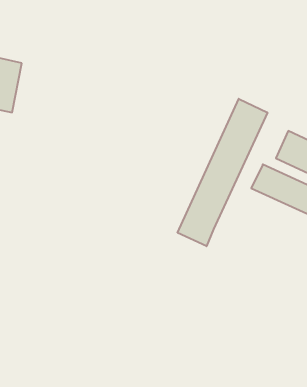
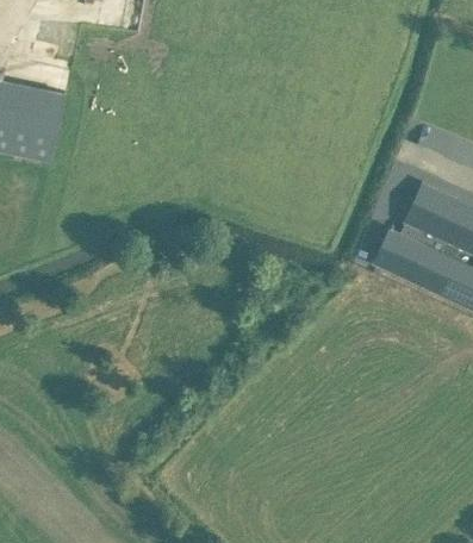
building: [178,99,267,246] -> none

